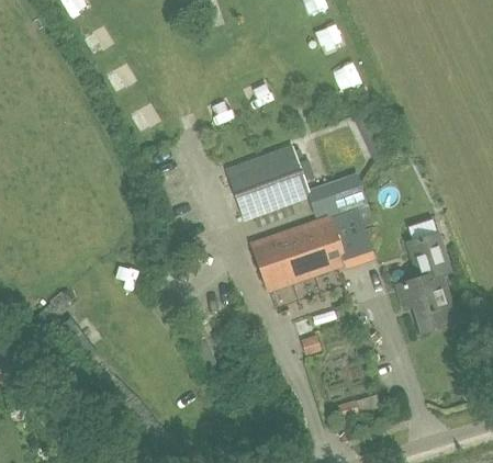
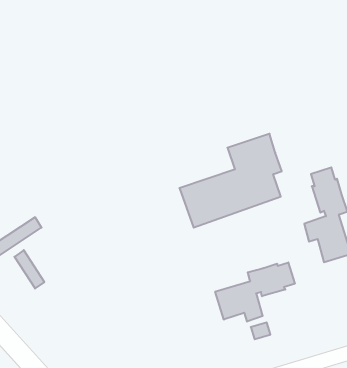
building: [224,145,309,219] -> none
building: none -> [215,262,295,322]

